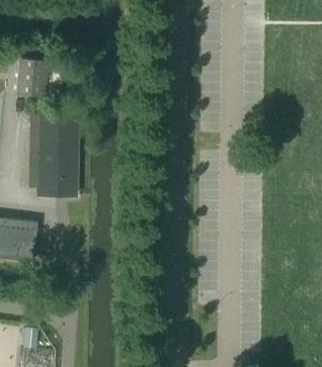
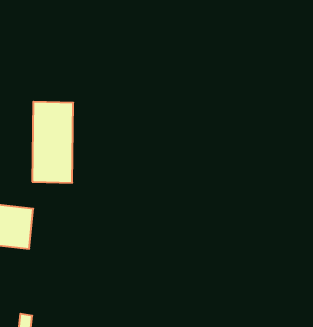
building: [17,62,45,95] -> none

